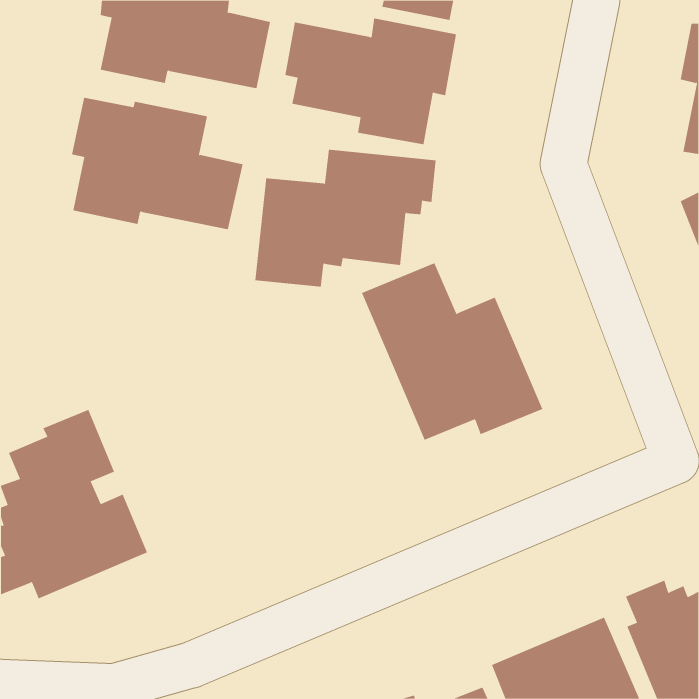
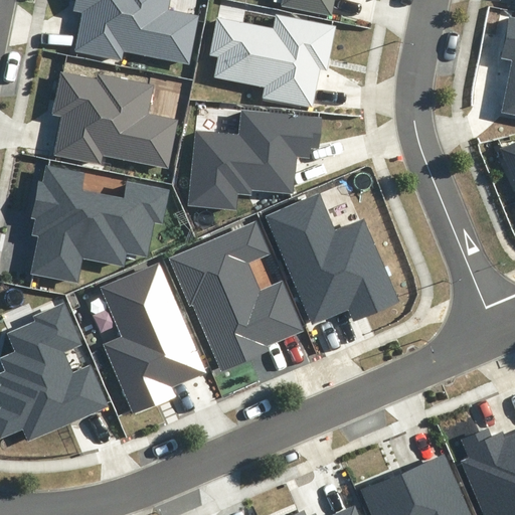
building: none -> [30,164,169,283]
building: none -> [169,221,303,372]
building: none -> [101,262,207,414]

